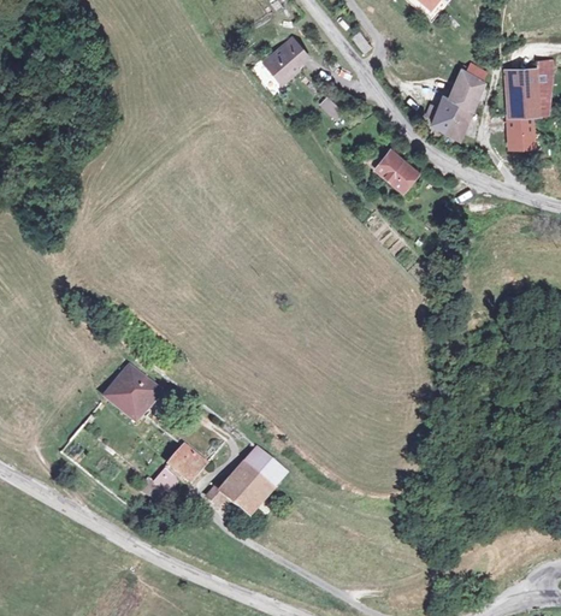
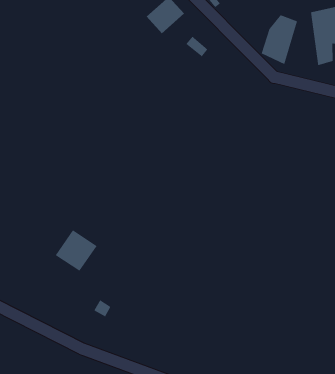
building: [371,147,420,192] -> none
building: [165,443,209,487] -> none
building: [217,444,289,519] -> none

